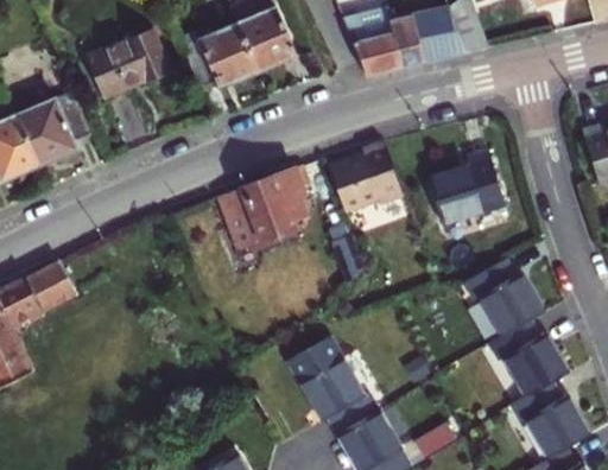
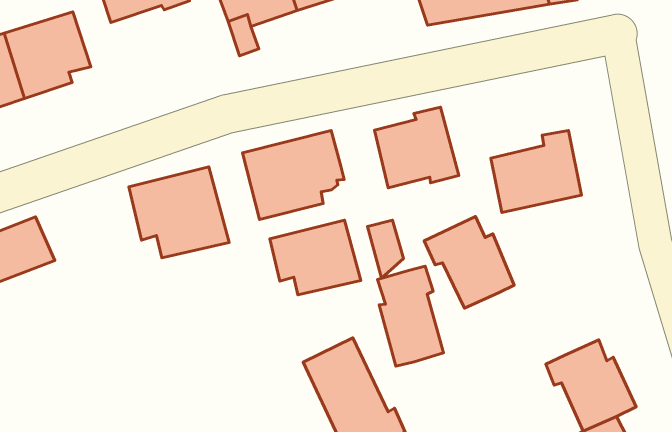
building: none -> [129,167,229,258]
building: none -> [270,220,361,295]
building: [464,261,542,337] -> [424,217,514,308]
building: none -> [377,266,444,366]

